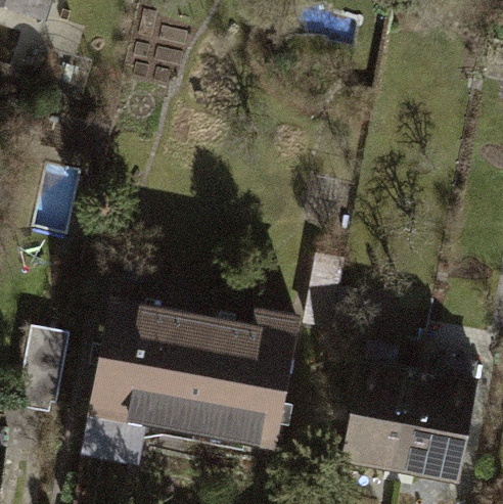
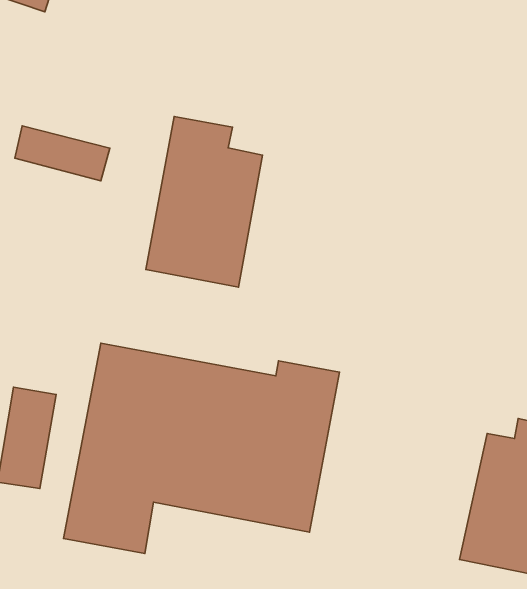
building: none -> [146,116,262,287]
building: [338,343,420,473] -> none

